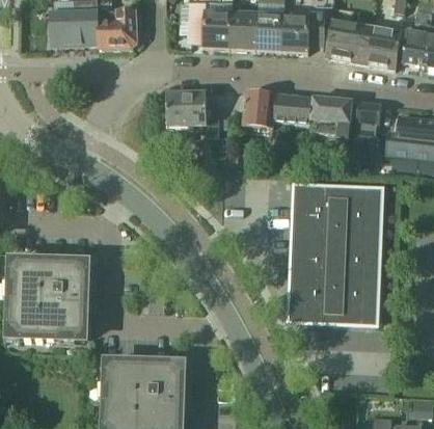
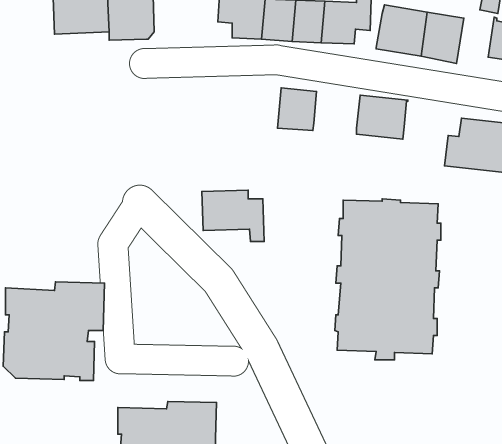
building: [401,28,427,63] -> none
building: [166,91,219,135] -> [202,190,264,241]
building: [273,92,313,124] -> none
building: [353,100,381,144] -> none

